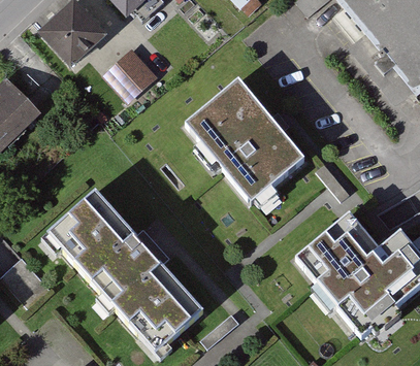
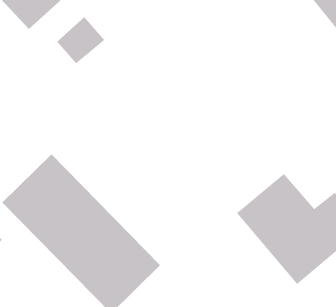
building: [180,73,302,200] -> none

